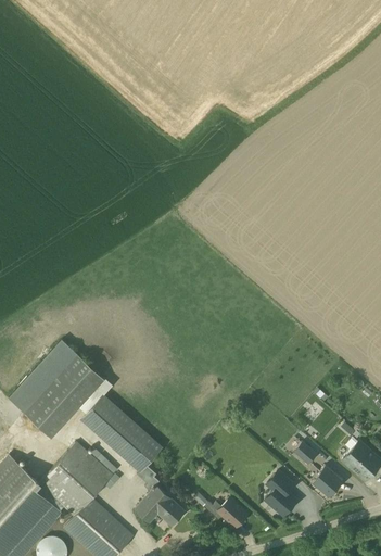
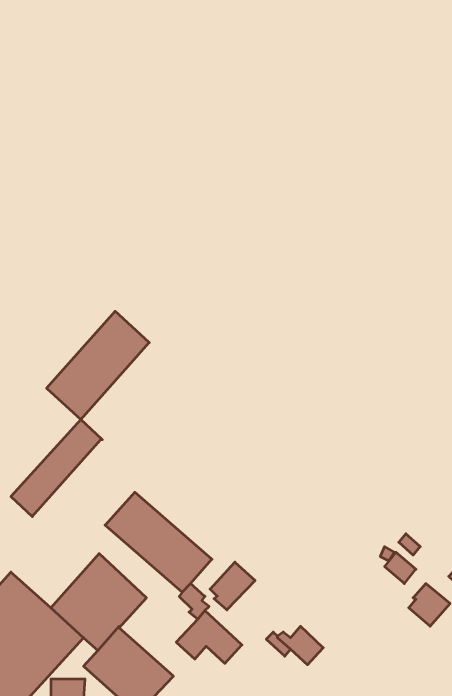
building: [26,355,104,438] -> [47,311,149,420]
building: none -> [210,562,255,610]
building: [264,469,299,517] -> none

